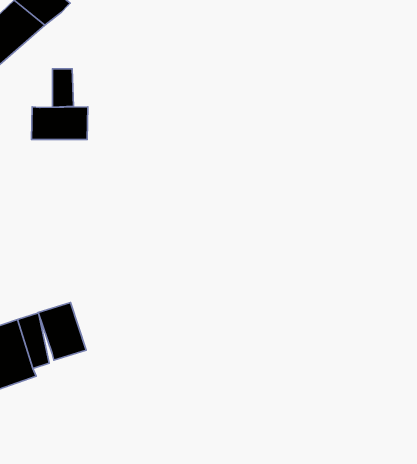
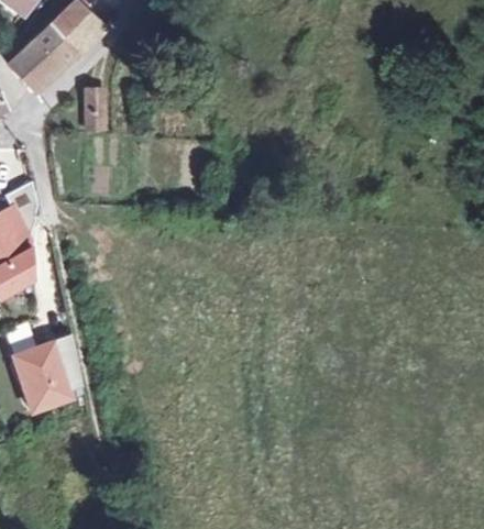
building: [32,107,88,139] -> none
building: [38,302,86,360] -> none

